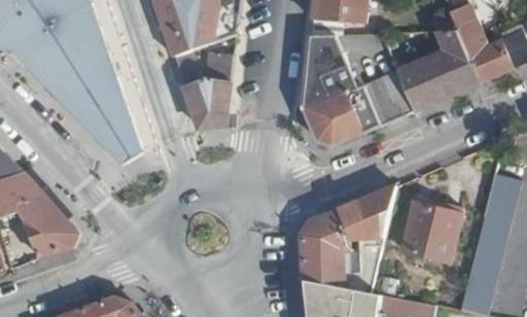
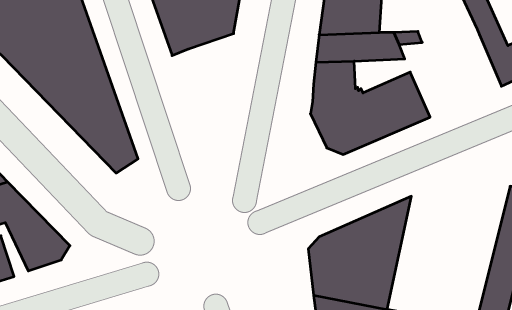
building: [394,35,482,112] -> none
building: [173,48,230,127] -> none
building: [405,205,458,263] -> none

